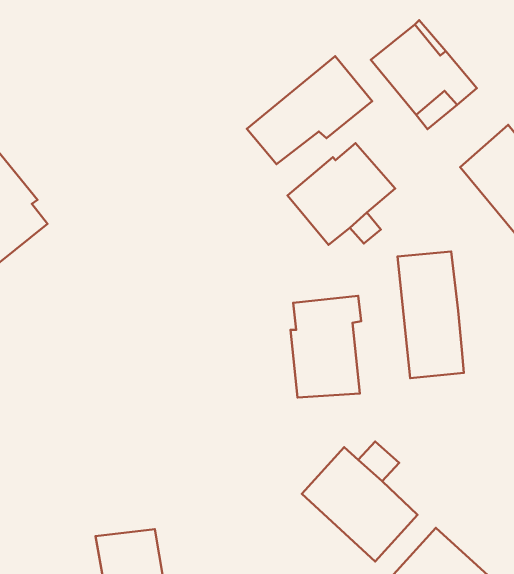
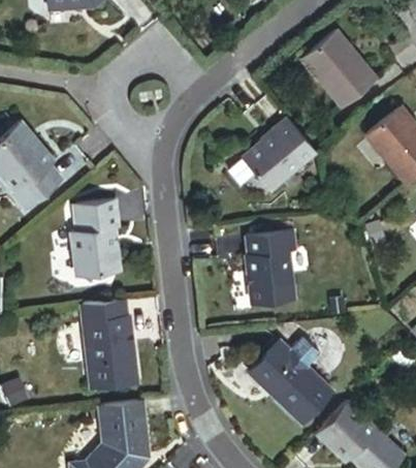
building: [247,56,372,164] -> none
building: [397,251,464,378] -> none
building: none -> [71,200,122,276]
building: none -> [83,299,139,389]

